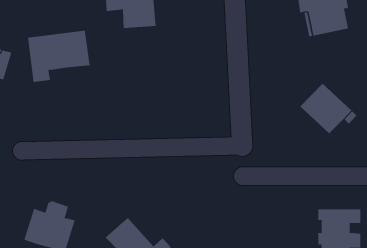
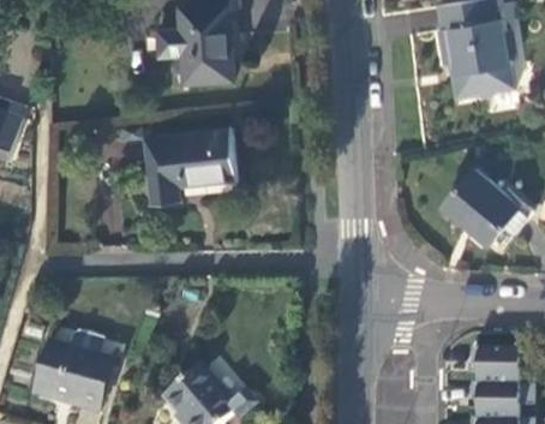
building: [27,30,90,83] -> [145,129,238,205]

